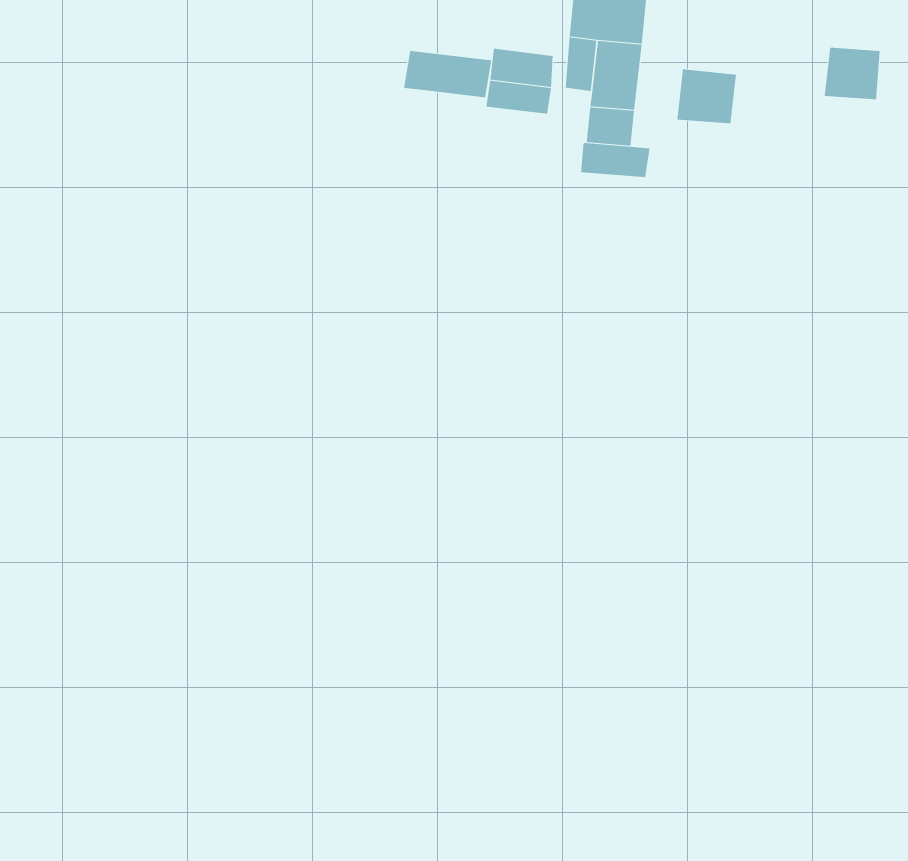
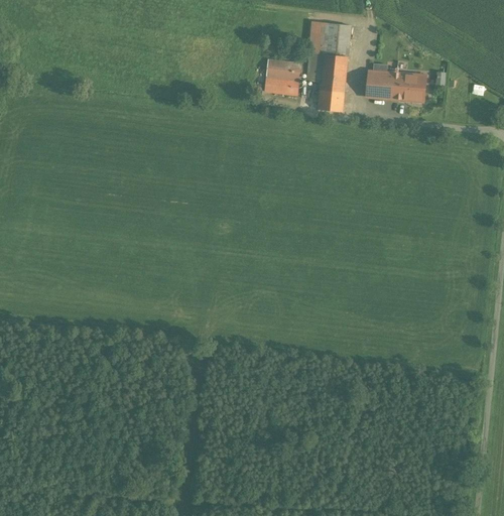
building: [824,47,881,100] -> [396,73,426,101]
building: [404,50,492,98] -> none
building: [580,142,650,178] -> none

